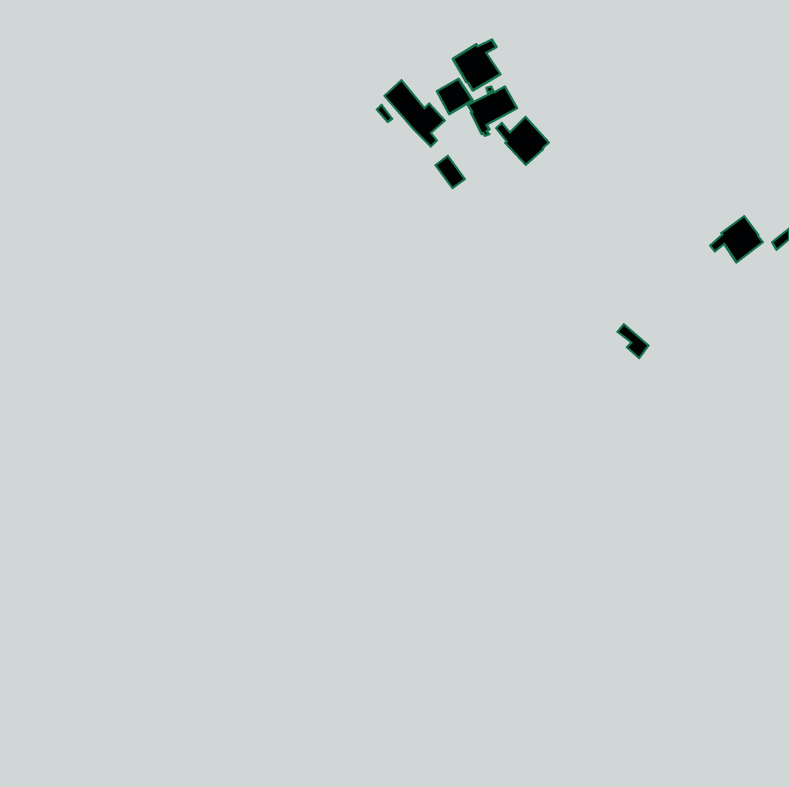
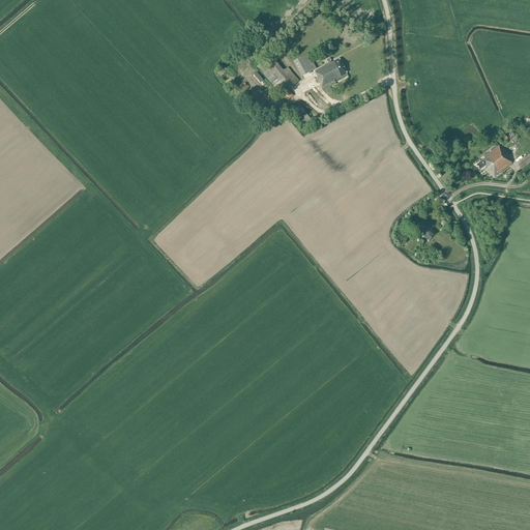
building: [453,40,501,91] -> none
building: [496,117,549,165] -> none

